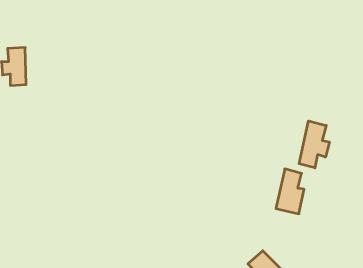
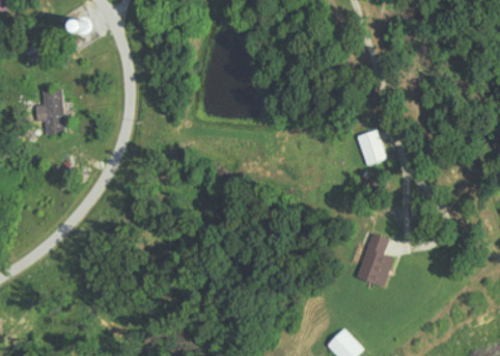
building: none -> [358,131,385,165]
building: [299,121,329,168] -> none

